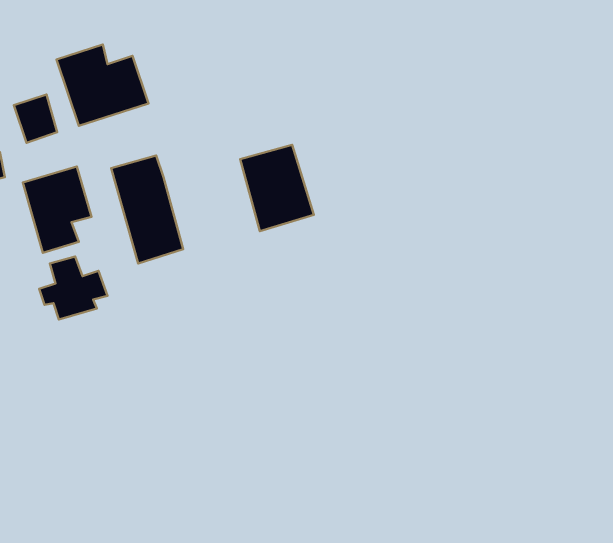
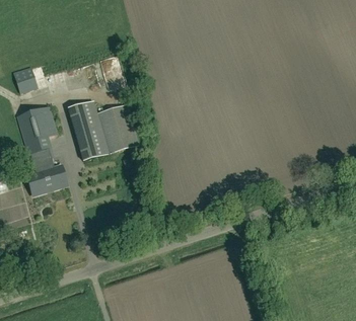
building: [56,45,148,126] -> none
building: [240,145,314,231] -> [97,104,139,153]

